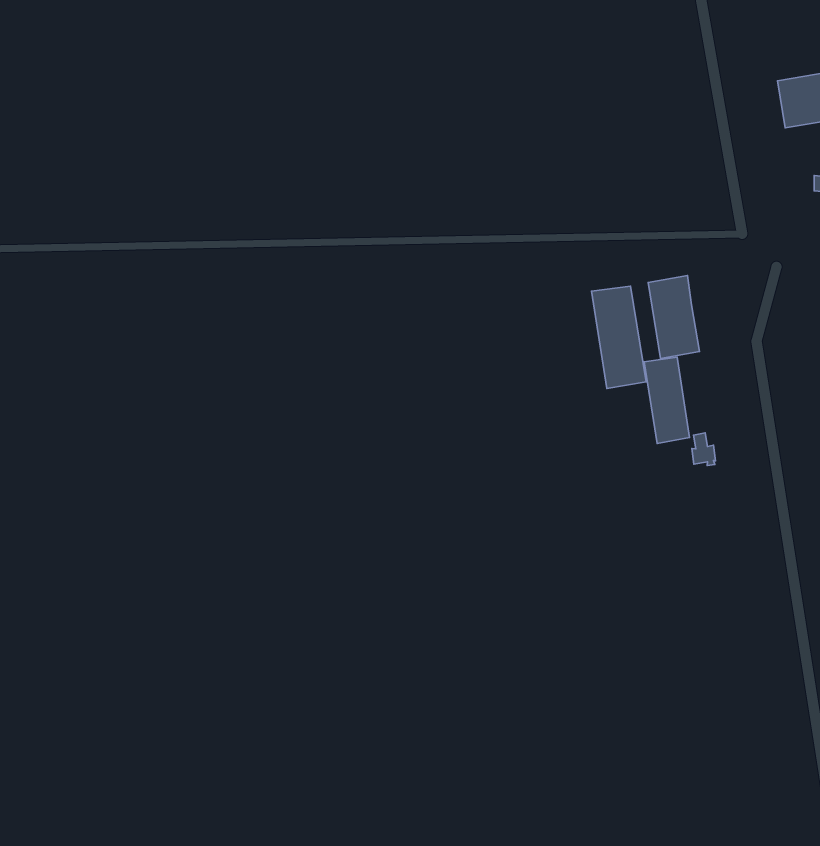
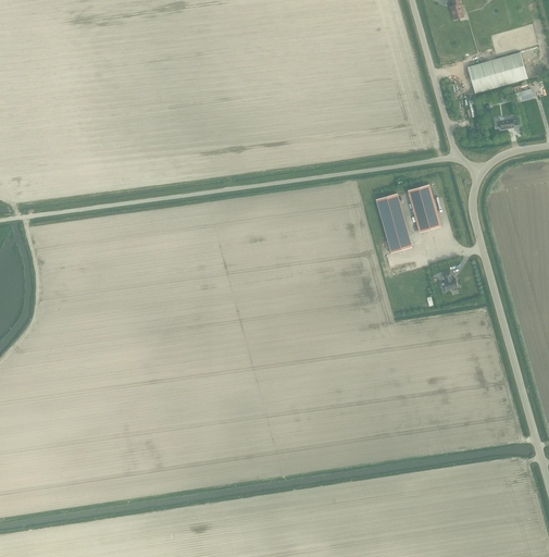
building: [644,357,689,443] -> none

